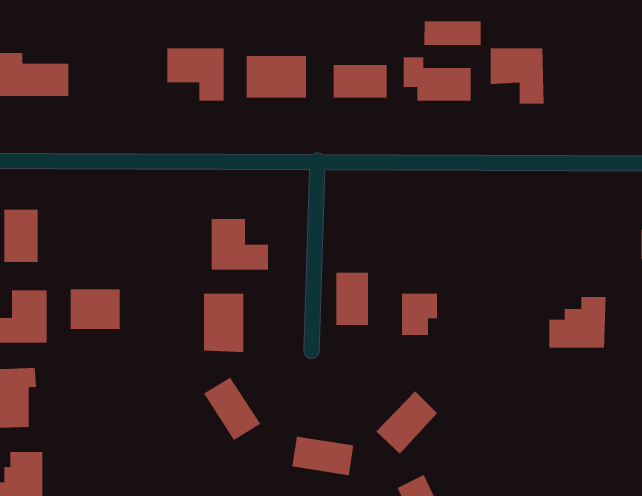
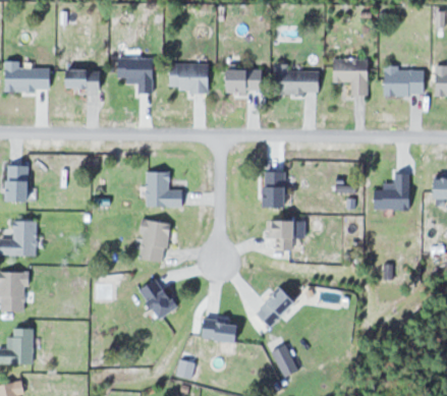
building: [424,21,481,46] -> none
building: none -> [382,68,425,96]
building: none -> [64,69,102,89]
building: [335,272,369,325] -> [263,172,285,208]
building: [70,288,120,330] -> none
building: [548,296,606,348] -> [372,175,410,210]

